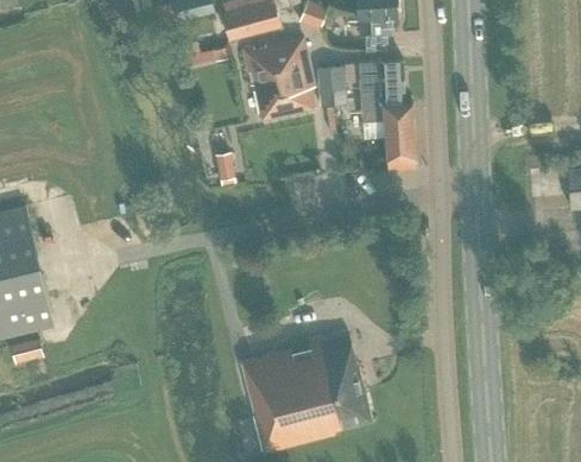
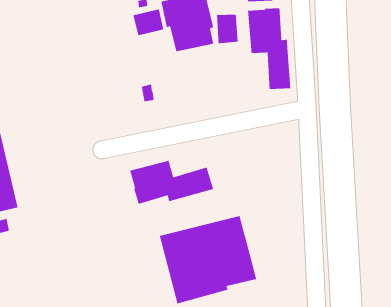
building: none -> [132,8,164,36]
building: none -> [129,160,214,205]

